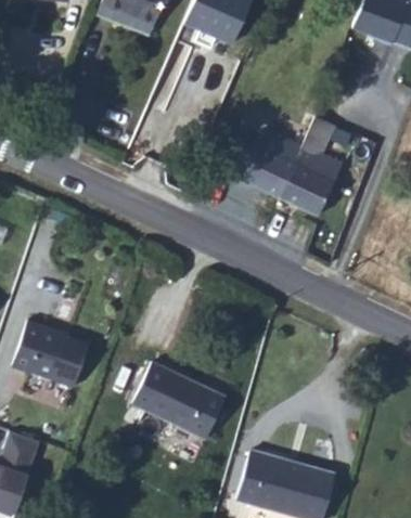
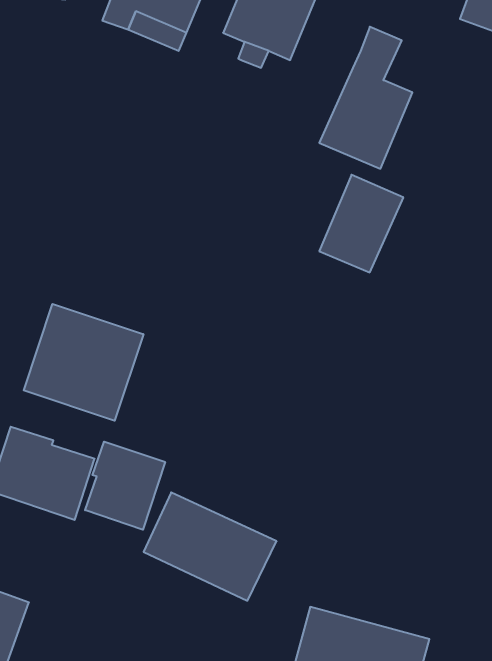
building: [285,124,351,224] -> [319,27,412,169]
building: none -> [24,304,143,421]
building: none -> [85,442,165,530]

